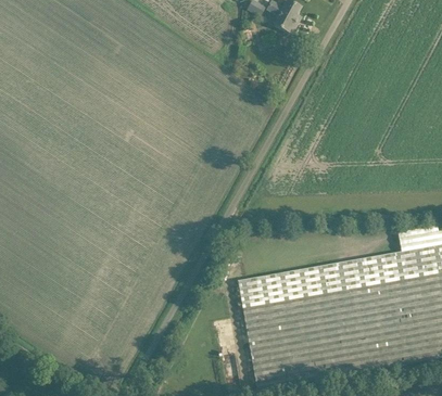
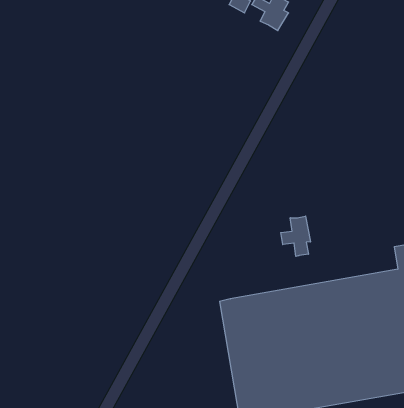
building: none -> [281,216,310,256]

